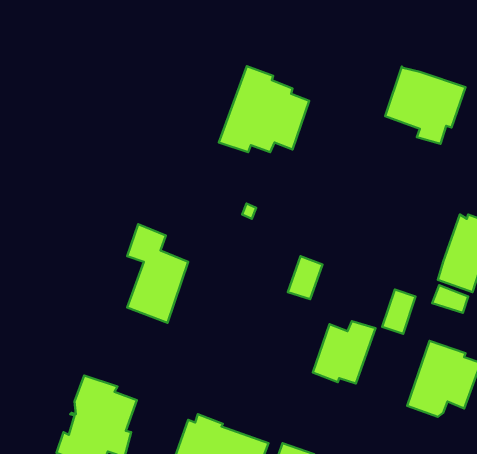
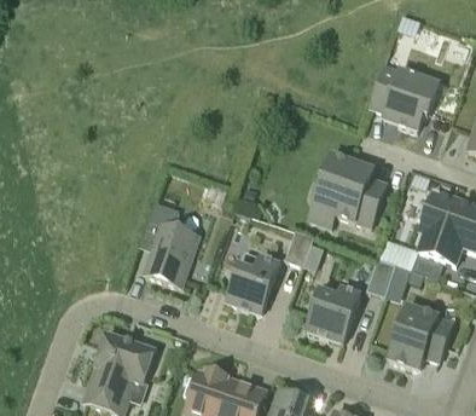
building: [219,66,309,152] -> [308,152,387,227]
building: none -> [227,248,280,312]

